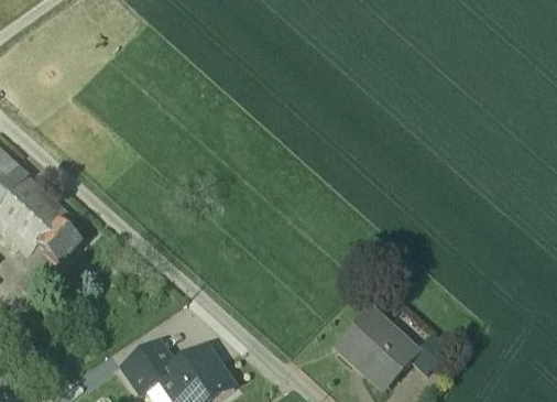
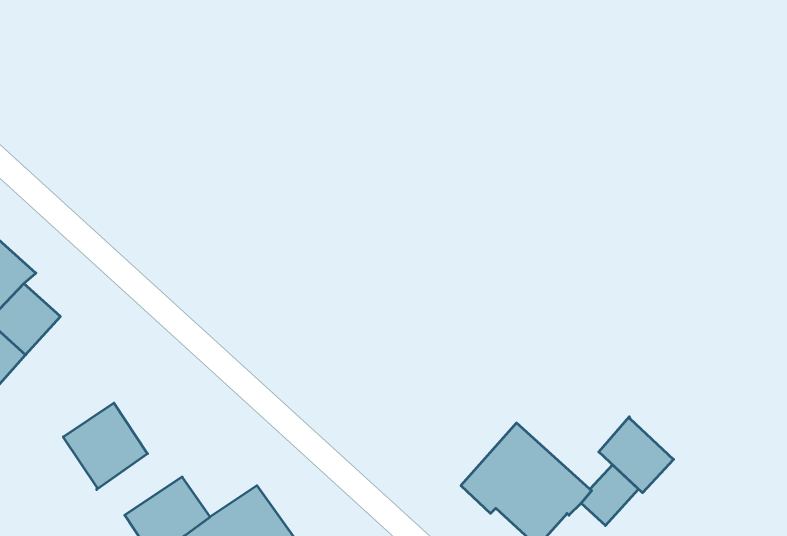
building: none -> [63,403,148,490]
building: none -> [599,417,674,493]

